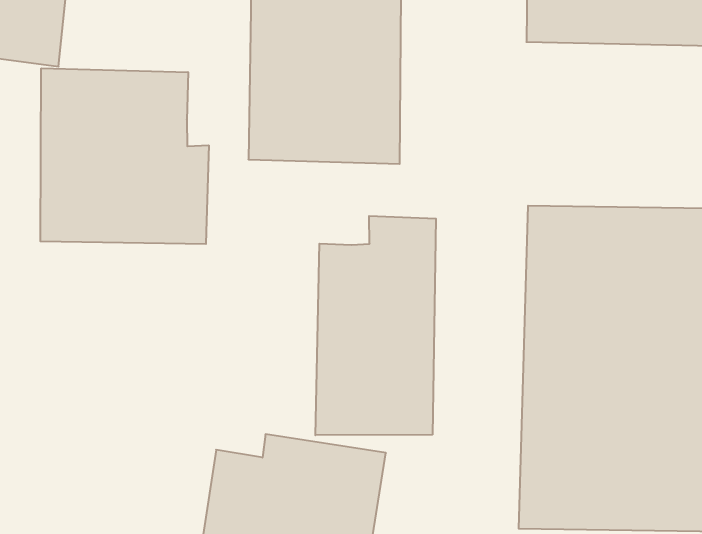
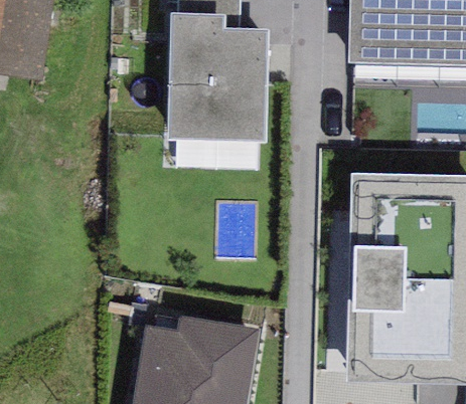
building: [40,68,209,244] -> none
building: [315,216,436,435] -> none

